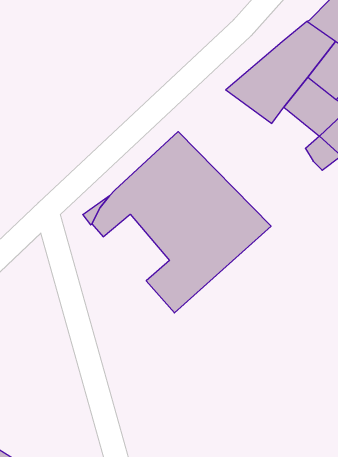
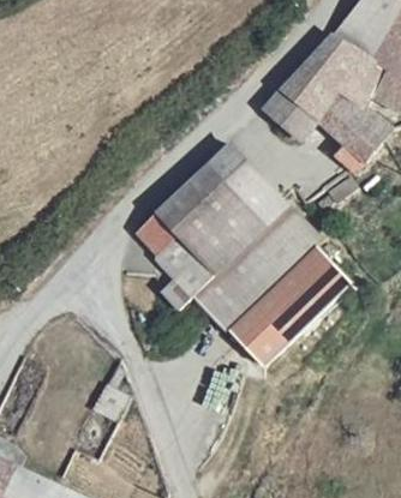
building: none -> [146,236,214,319]
building: none -> [234,250,351,371]

